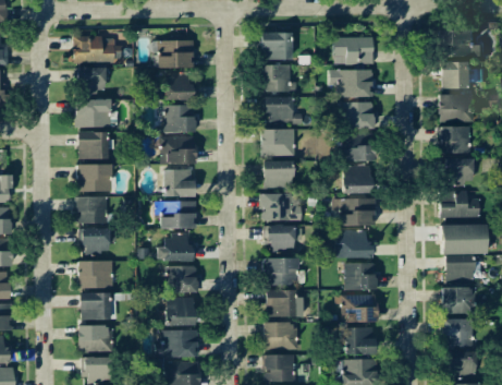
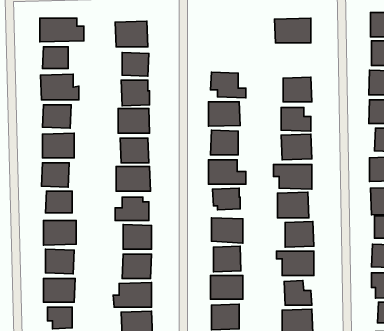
building: [261,32,293,59] -> none
building: [260,64,298,92] -> none
building: [330,69,374,97] -> none

